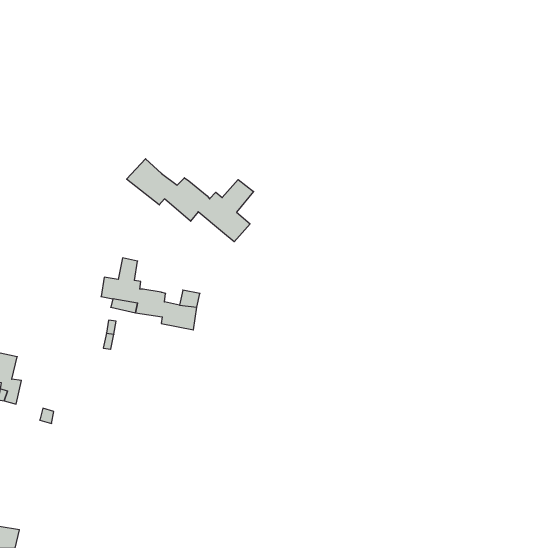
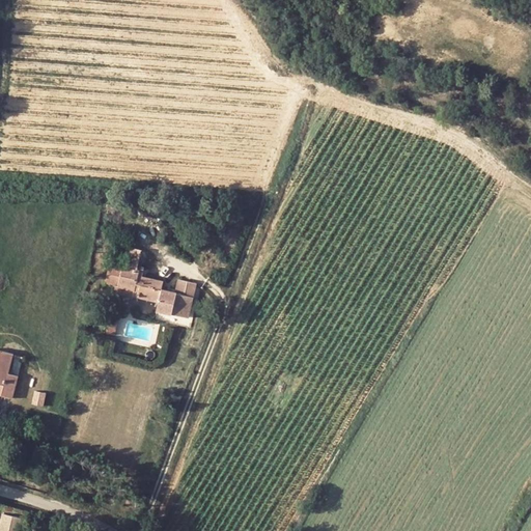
building: [127,159,254,242] -> none

